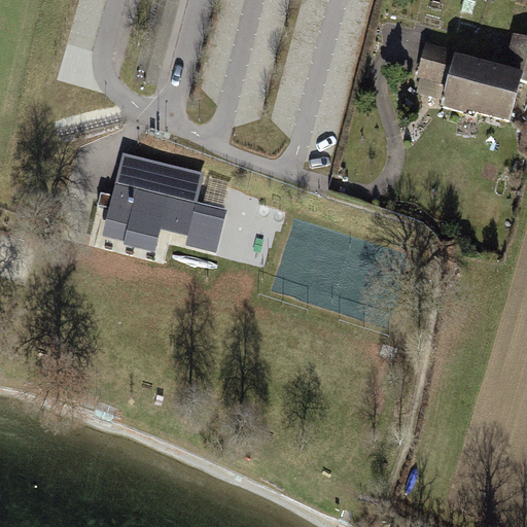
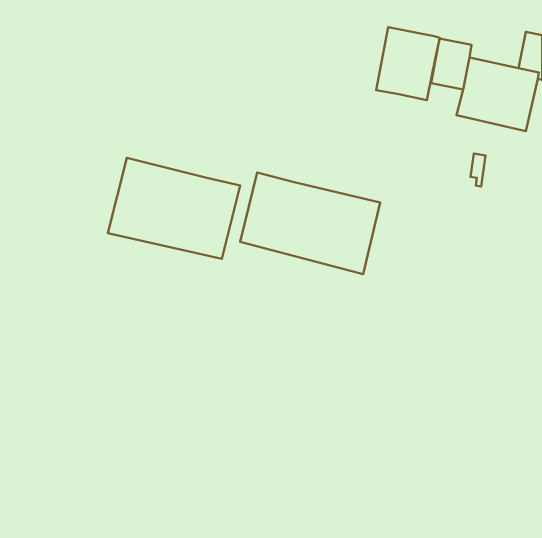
building: none -> [376,27,440,100]
building: none -> [240,172,380,274]

